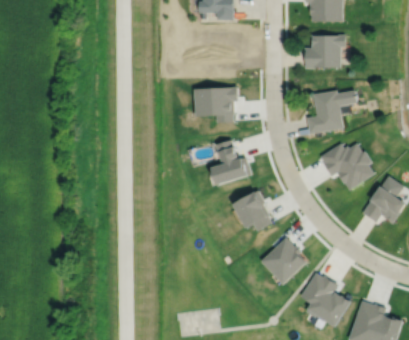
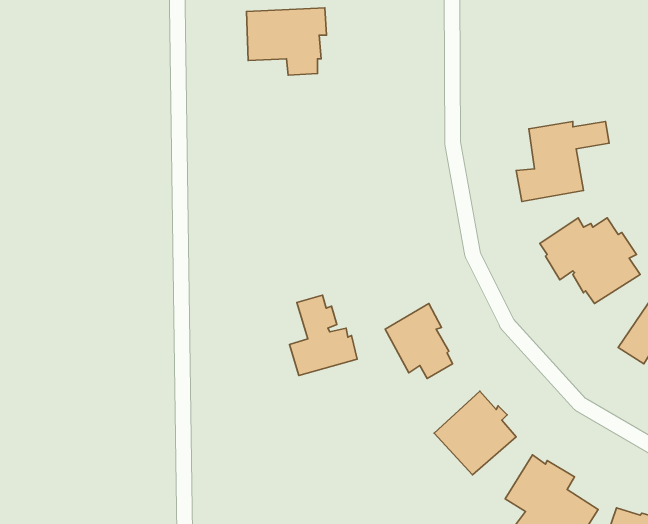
building: [304,33,345,67] -> none
building: [194,85,238,122] -> [246,8,327,75]
building: [212,139,249,183] -> [290,295,357,375]

